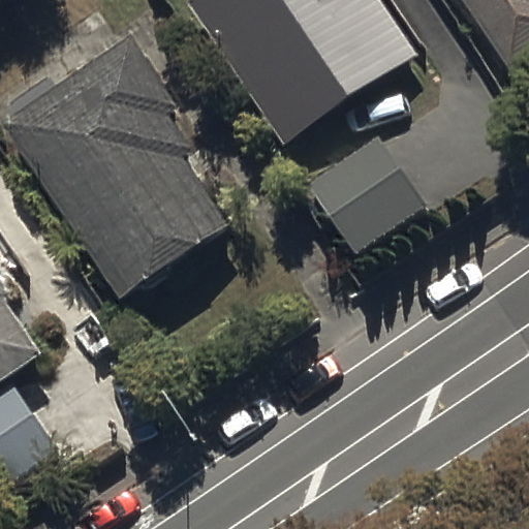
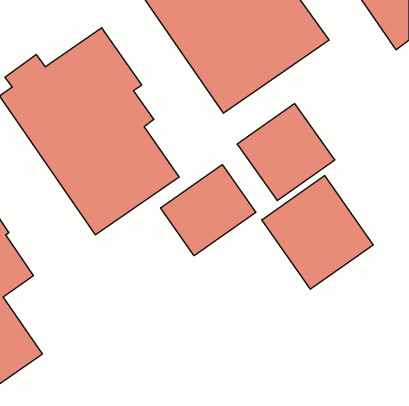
building: none -> [161,165,256,256]
building: none -> [262,175,373,289]

